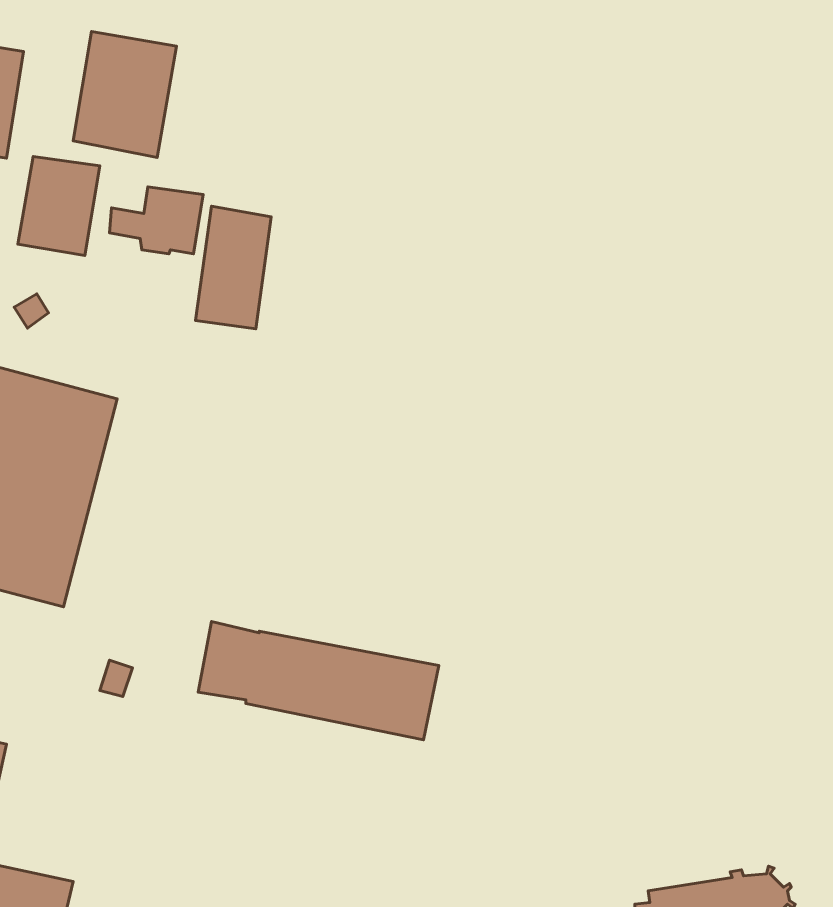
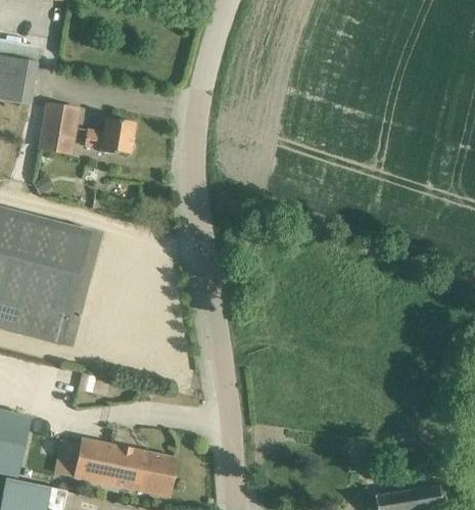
building: [73,32,176,158] -> none
building: [196,206,271,329] -> none
building: [198,621,439,740] -> [48,434,177,498]

